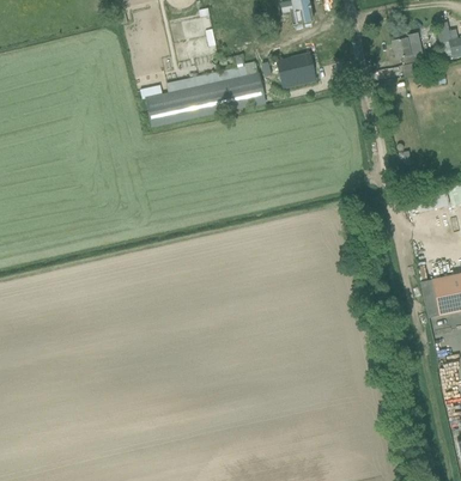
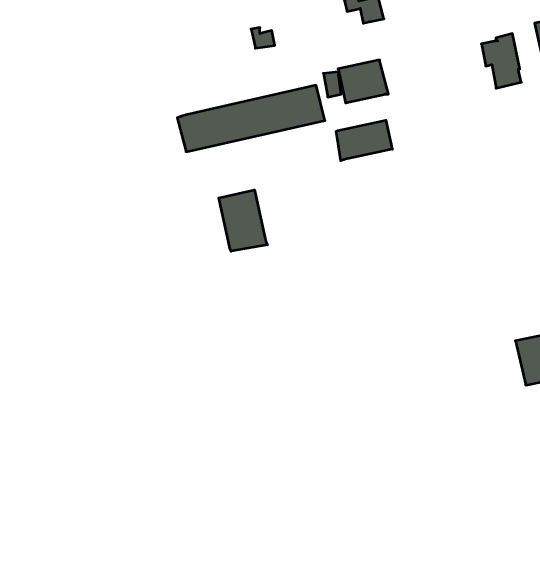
building: none -> [336,120,392,161]
building: none -> [219,190,267,251]

